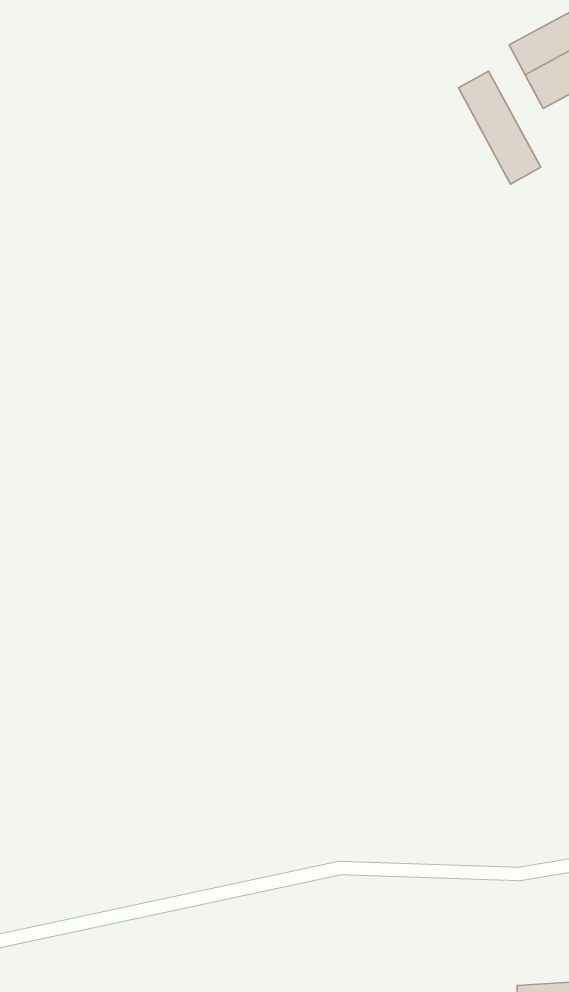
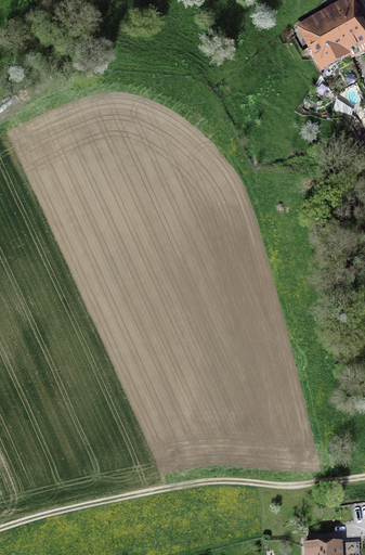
building: [458,71,541,184] -> none

